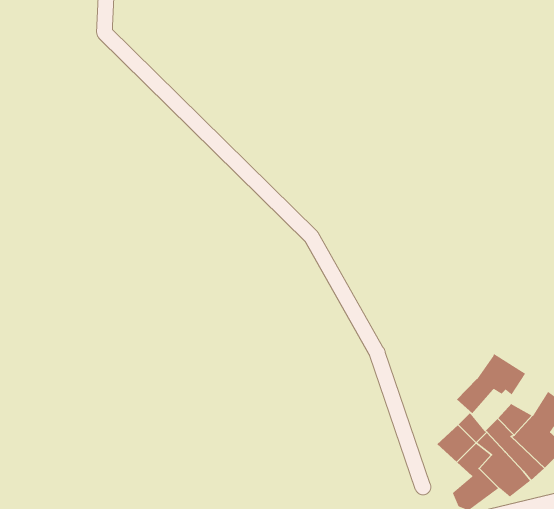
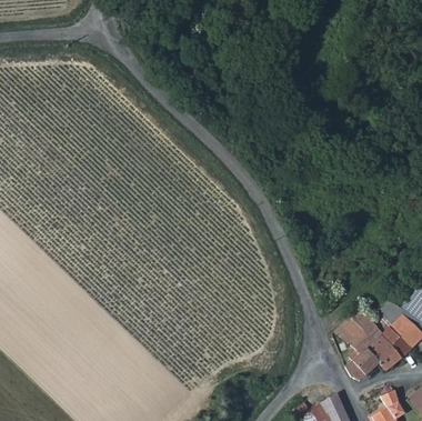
building: [456,353,526,414] -> none

